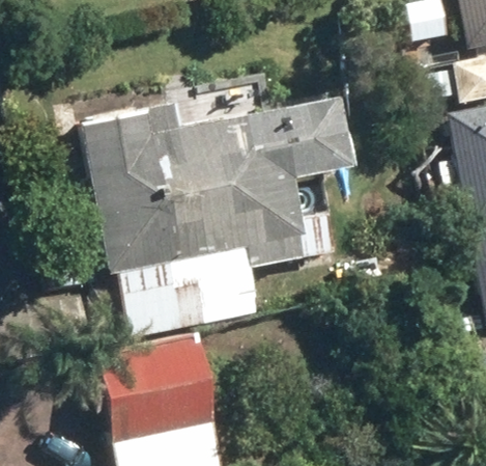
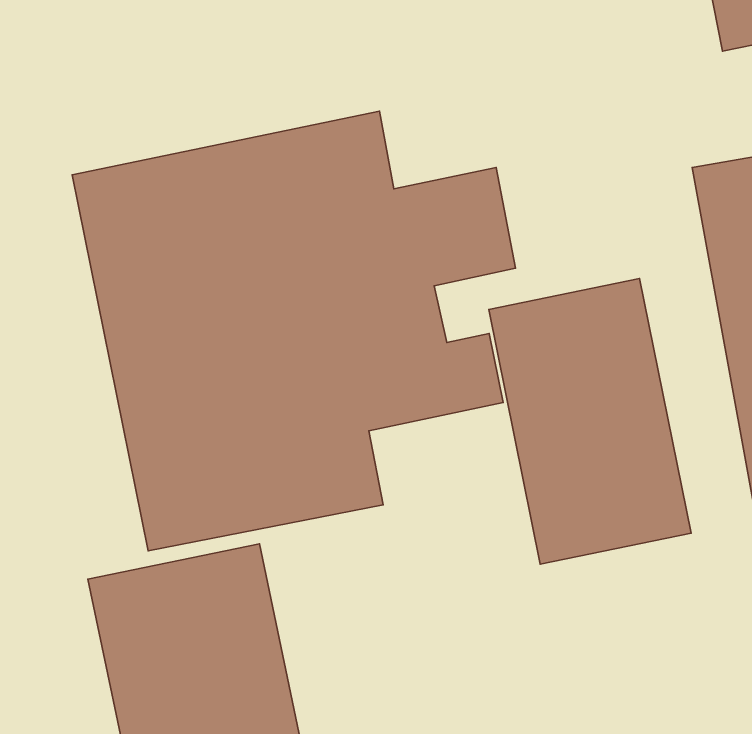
building: none -> [489,278,691,564]

